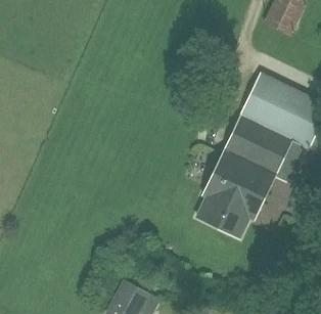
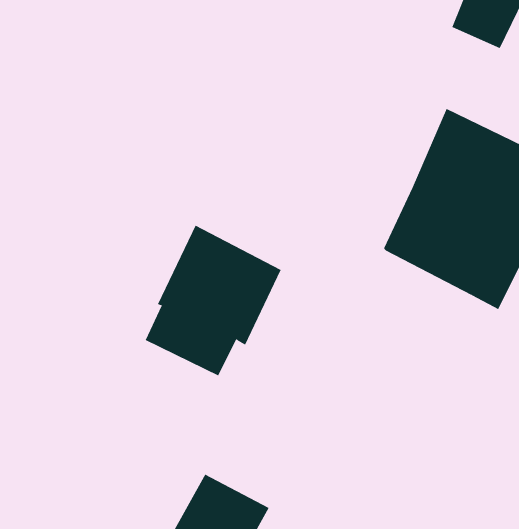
building: [196,150,274,236] -> [145,225,282,376]

